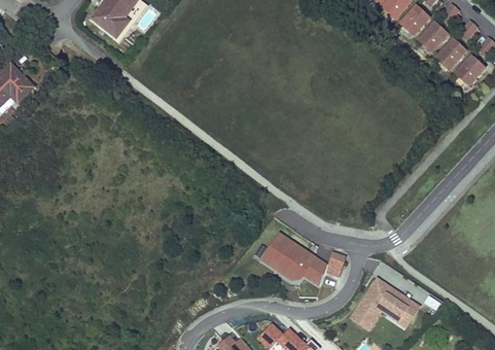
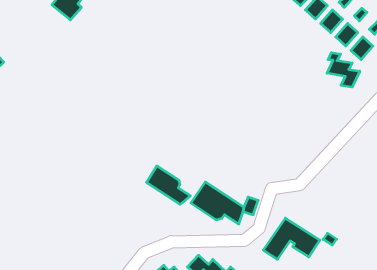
building: none -> [327,53,360,87]
building: none -> [146,166,190,204]

